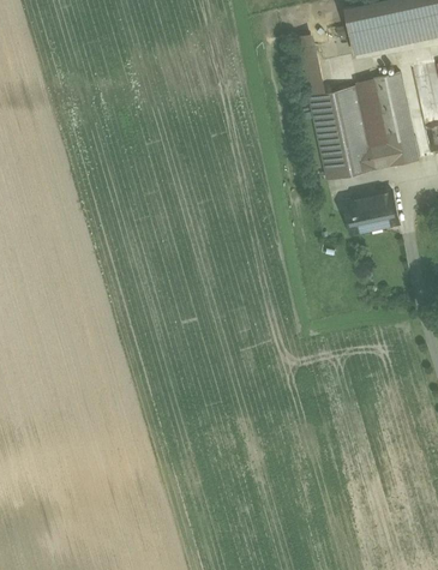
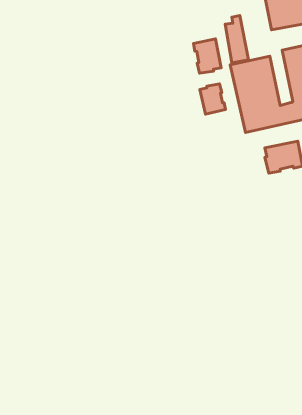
building: none -> [194,39,221,73]
building: none -> [200,84,226,114]

